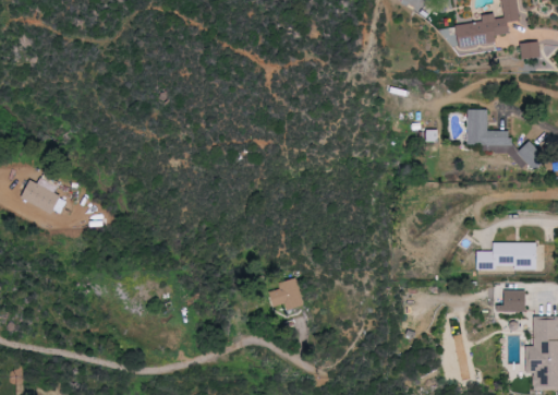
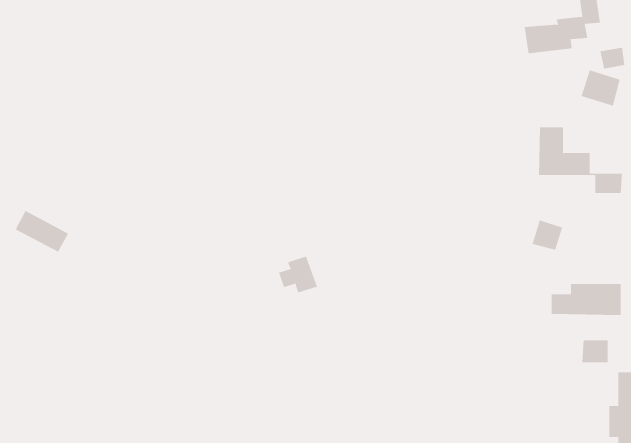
building: none -> [581,69,620,107]
building: none -> [532,220,563,251]
building: [268,278,302,310] -> [278,256,318,293]

